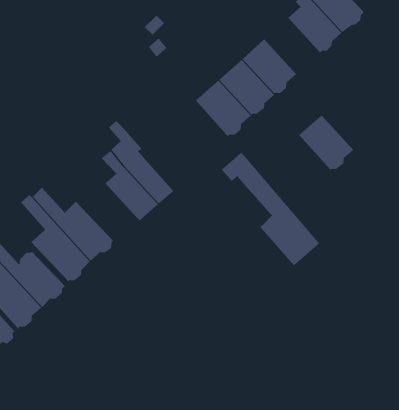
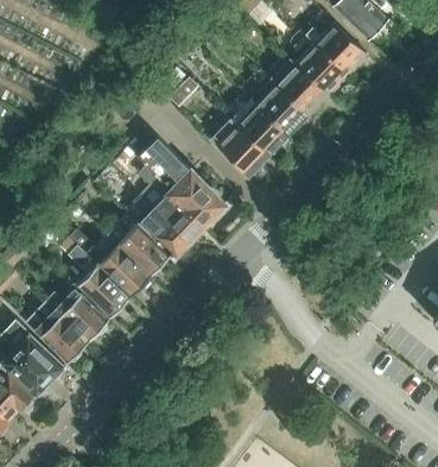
building: [298,114,354,171] -> [274,63,326,114]
building: [221,151,320,266] -> [128,126,223,228]
building: none -> [115,225,169,277]

